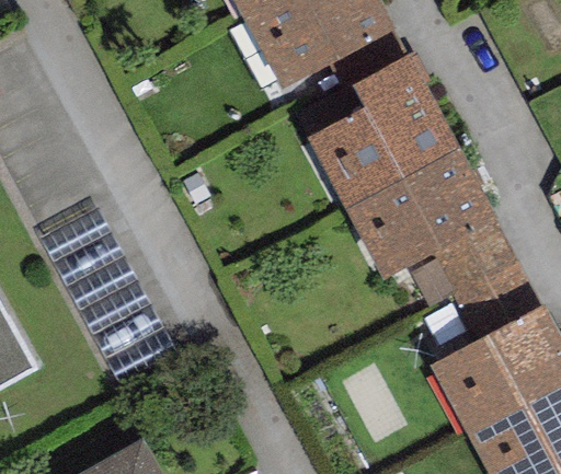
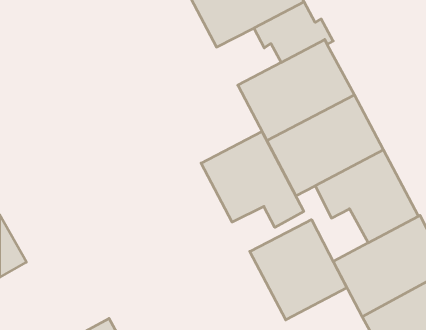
building: none -> [201,131,304,227]
building: [41,209,176,381] -> none
building: none -> [250,220,347,320]

